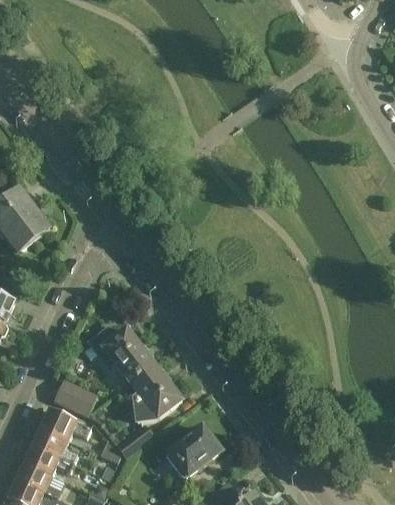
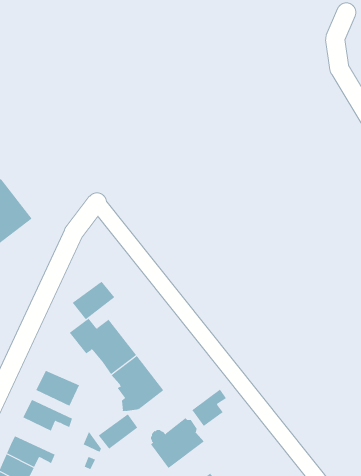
building: none -> [72,281,115,320]
building: none -> [192,388,227,427]
building: [32,426,77,463] -> none

